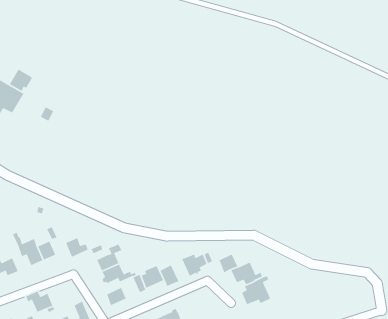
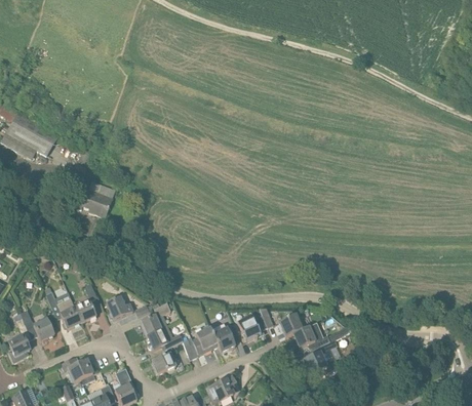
building: [9,69,33,92] -> none
building: none -> [71,188,112,216]

